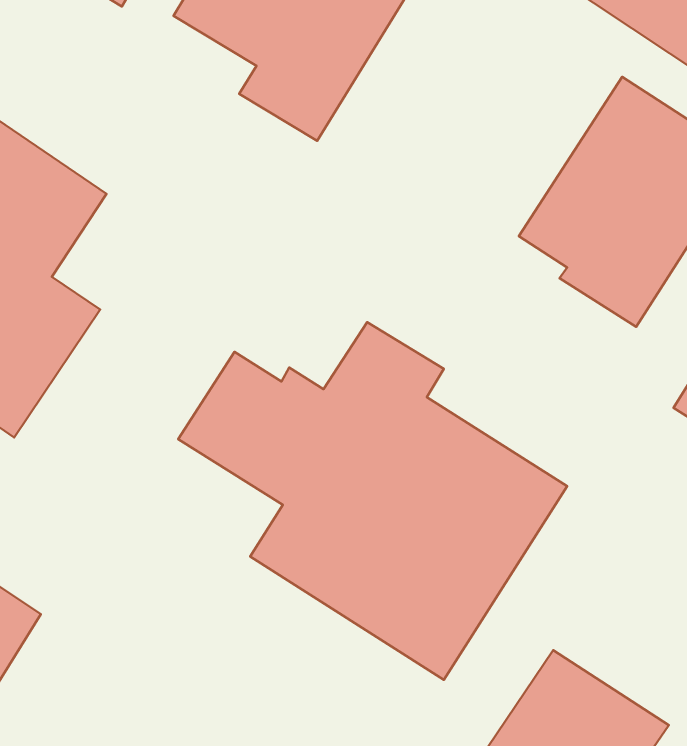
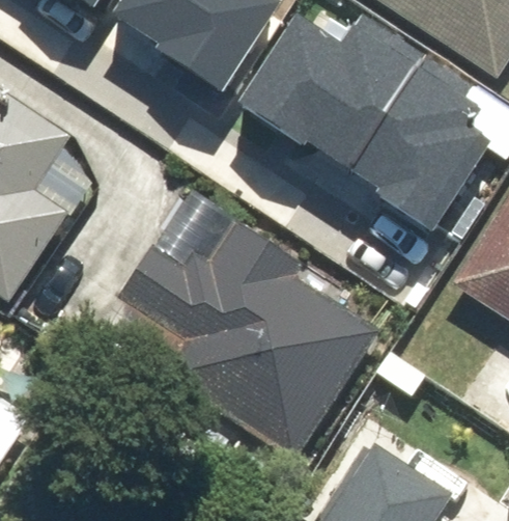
building: none -> [238,16,417,173]

